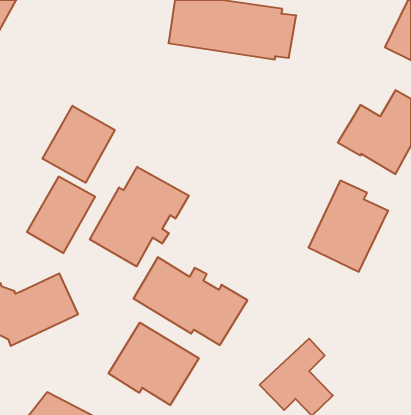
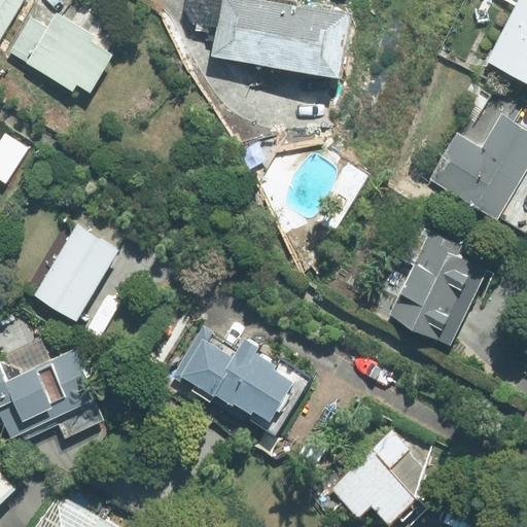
building: none -> [7,12,116,93]
building: [43,106,115,183] -> none
building: [90,167,189,266] -> none
building: [109,323,199,405] -> none

